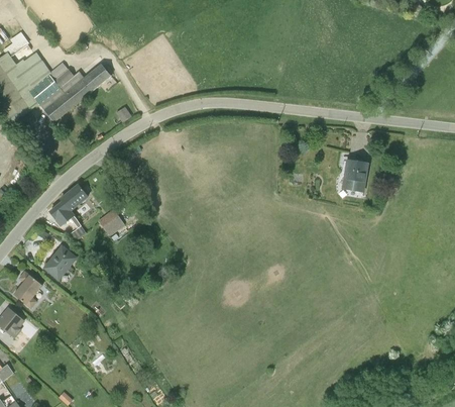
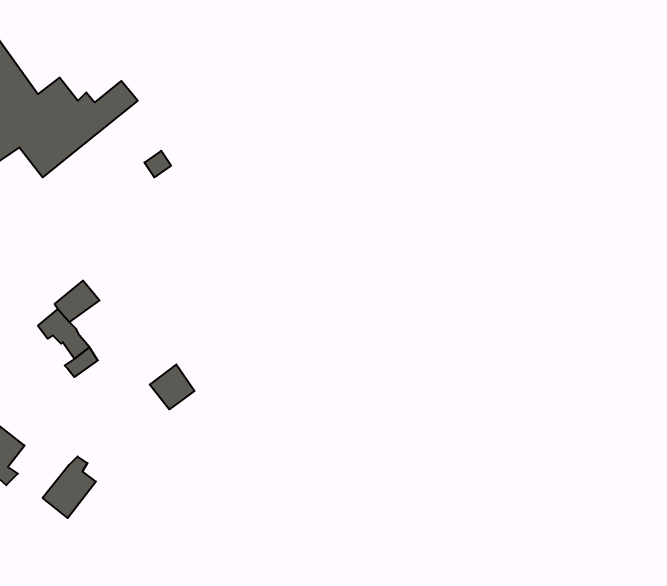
building: [340,157,367,192] -> none
building: [97,209,124,236] -> [150,364,195,409]
building: [44,242,77,280] -> [43,456,96,518]

